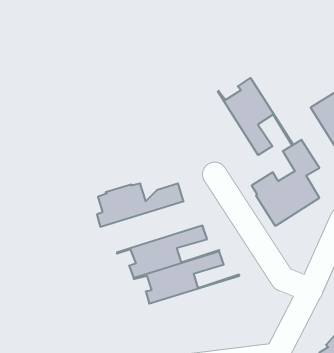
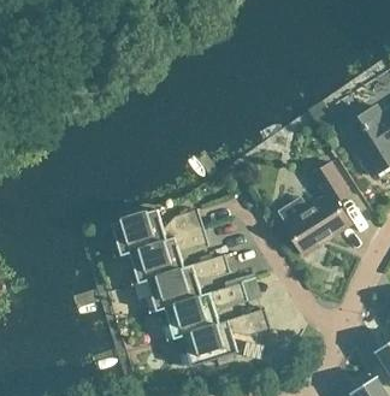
building: [218,78,293,155] -> none
building: none -> [114,229,225,284]
building: none -> [167,309,271,367]

